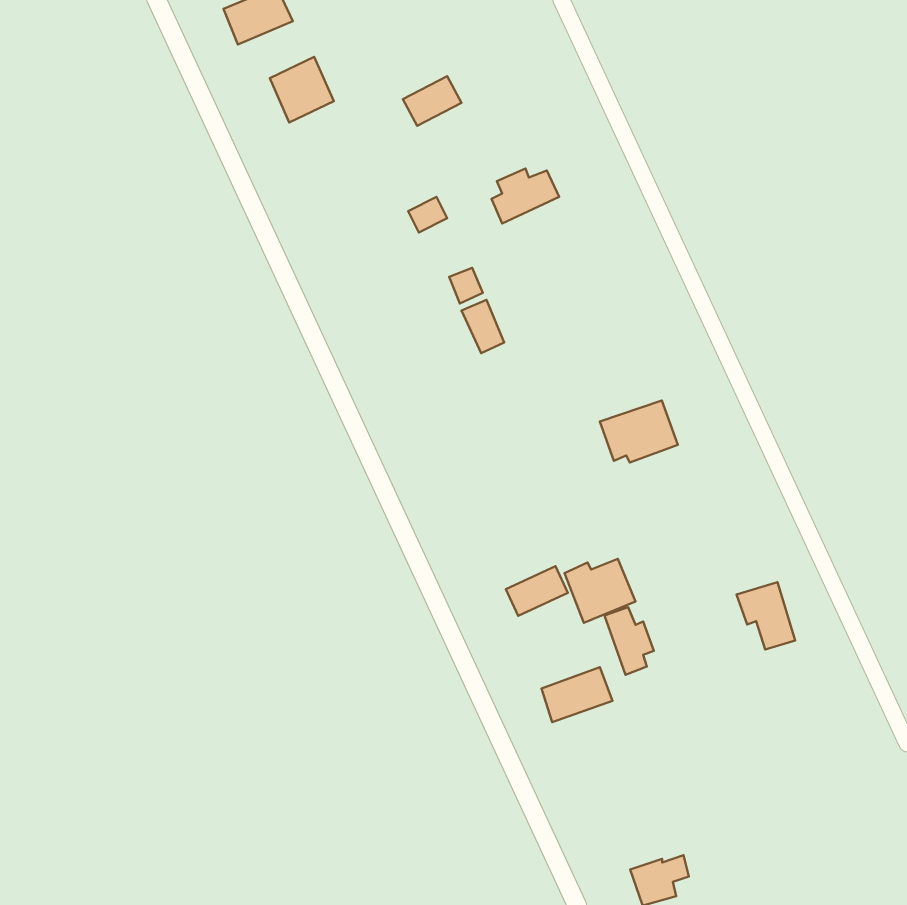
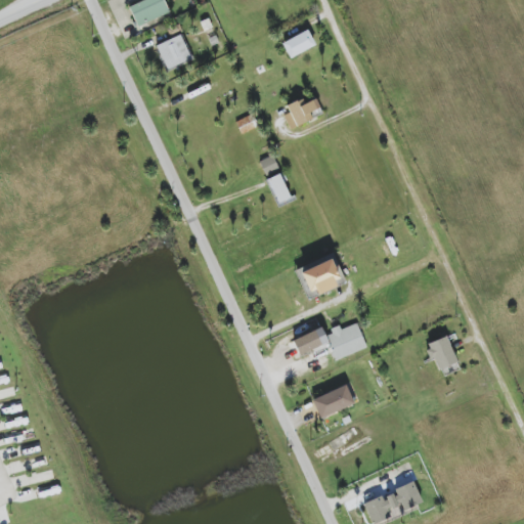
building: [403,76,461,126] -> [281,29,315,57]
building: [600,400,678,462] -> [300,257,345,293]
building: [605,607,654,675] -> none
building: none -> [394,480,422,510]

